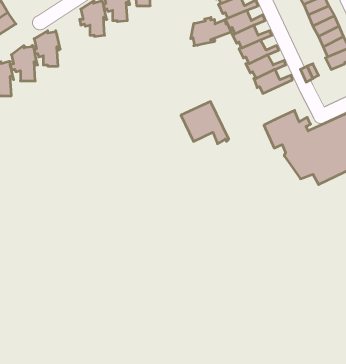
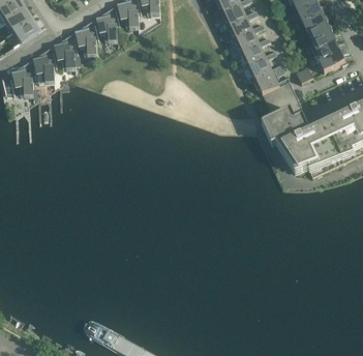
building: none -> [74,23,98,55]
building: [191,17,231,46] -> none
building: [181,102,229,144] -> [262,81,305,119]

